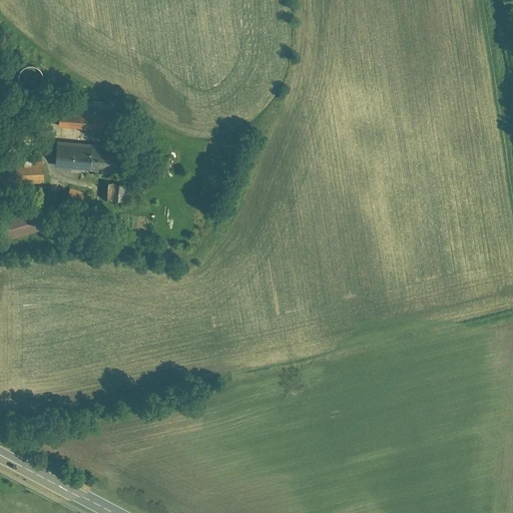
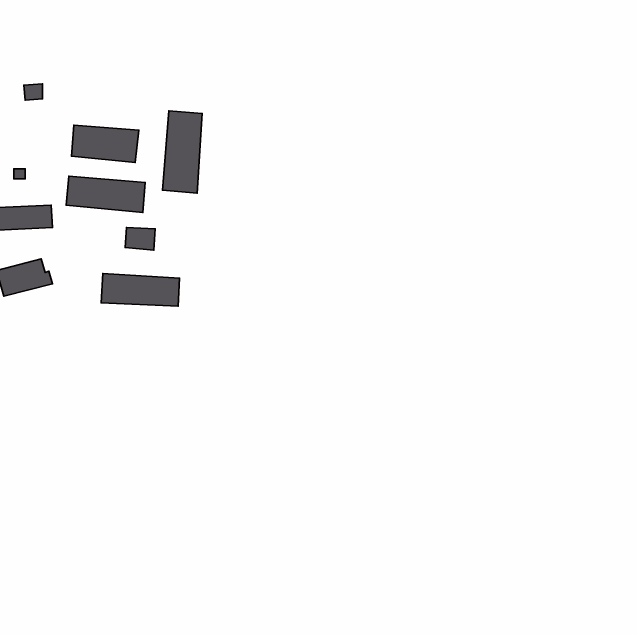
building: none -> [162,111,202,193]
building: none -> [101,273,180,306]

